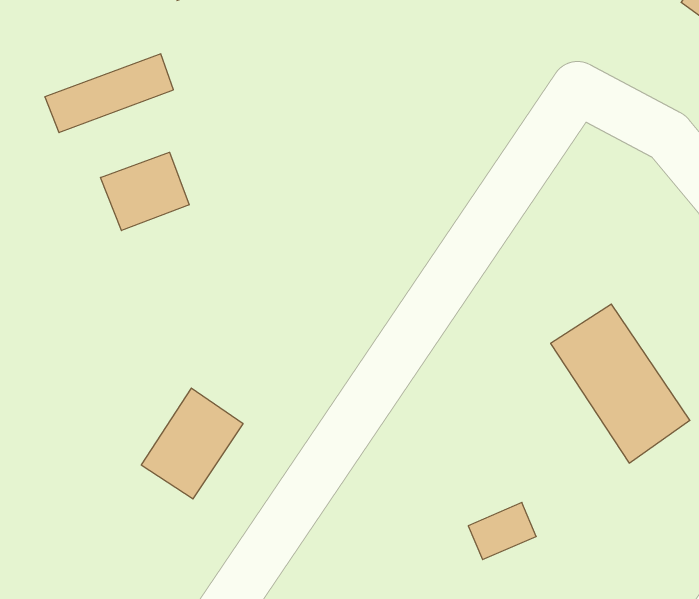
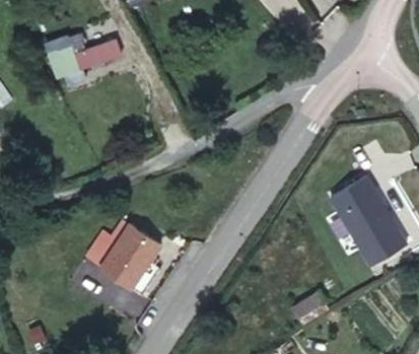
building: [101,152,189,231] -> none

